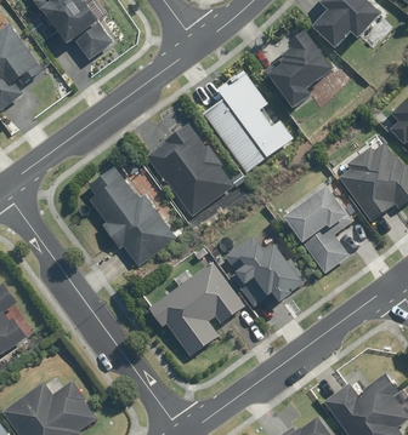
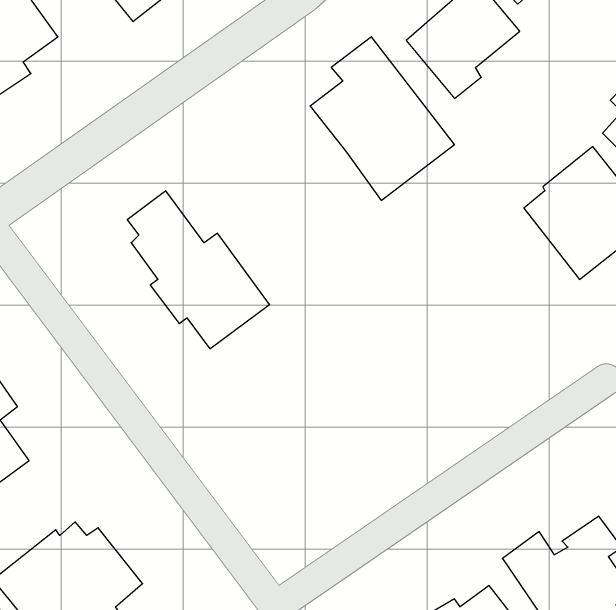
building: [144,124,244,216] -> none
building: [282,185,351,273] -> none
building: [225,233,305,304] -> none
building: [147,261,244,356] -> none

